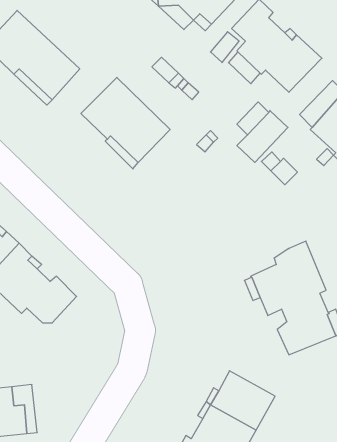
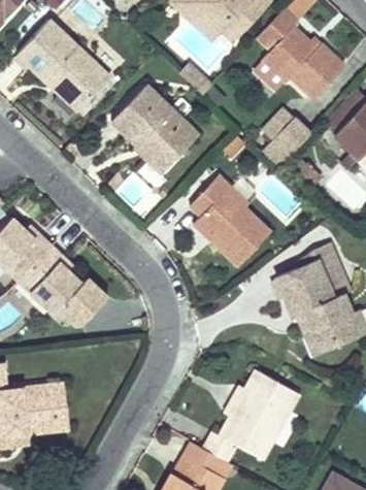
building: none -> [190,175,270,266]

